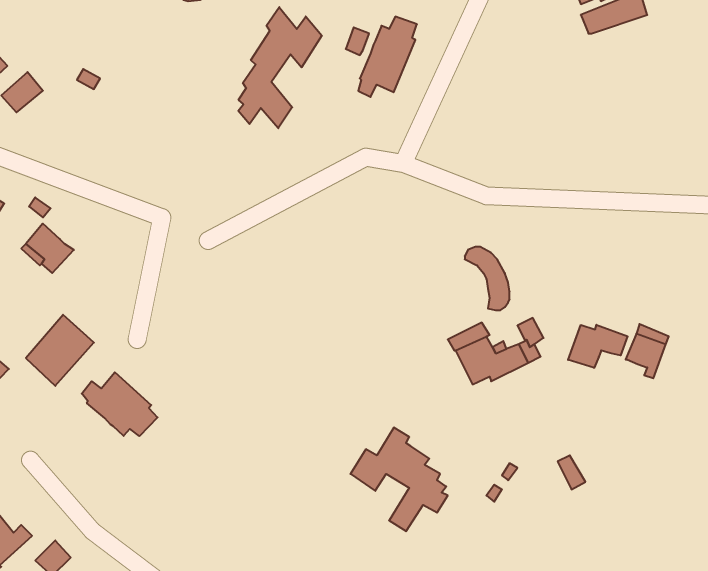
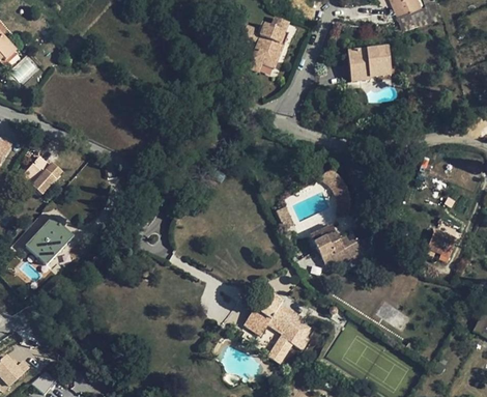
building: [238,7,322,128] -> none
building: none -> [346,48,390,81]
building: [568,325,628,368] -> none
building: [82,372,158,436] -> none

